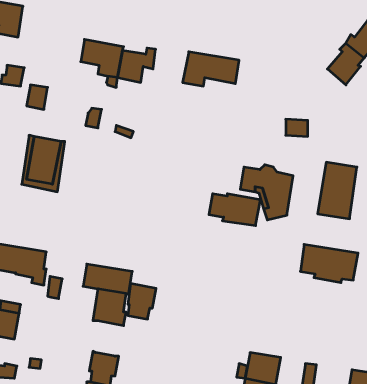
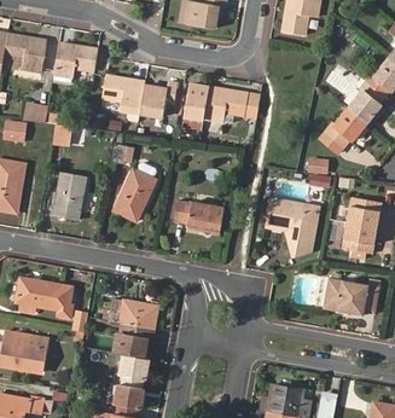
building: none -> [56,46,101,80]
building: none -> [187,87,213,123]
building: none -> [327,106,367,144]
building: none -> [114,169,155,221]
building: [209,194,260,226] -> [174,201,225,232]
building: [128,284,156,319] -> [121,354,149,389]

